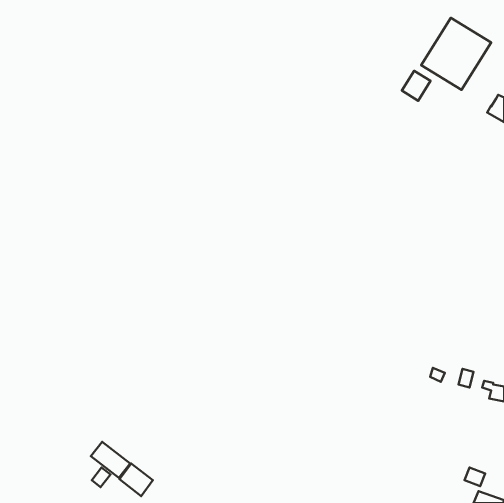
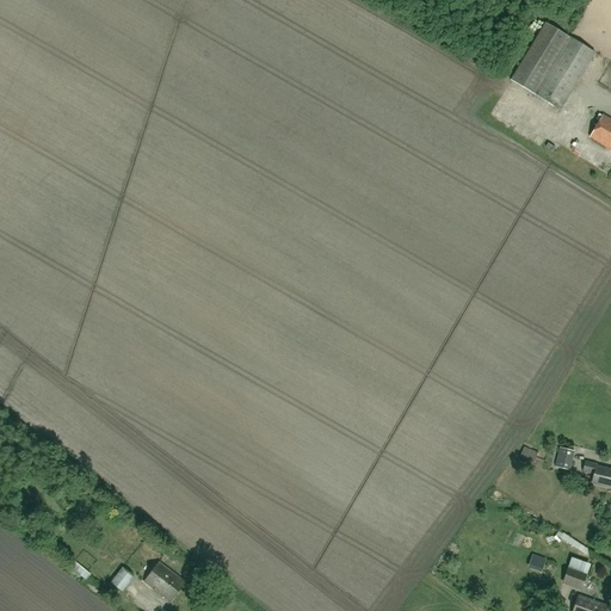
building: [402,71,430,101] -> none
building: [91,442,130,478] -> none

